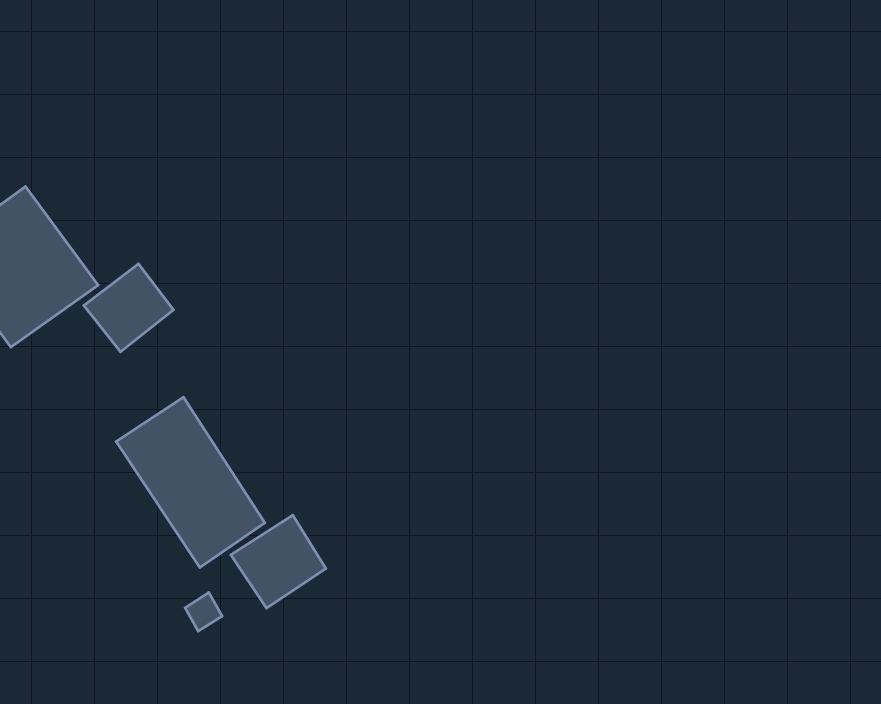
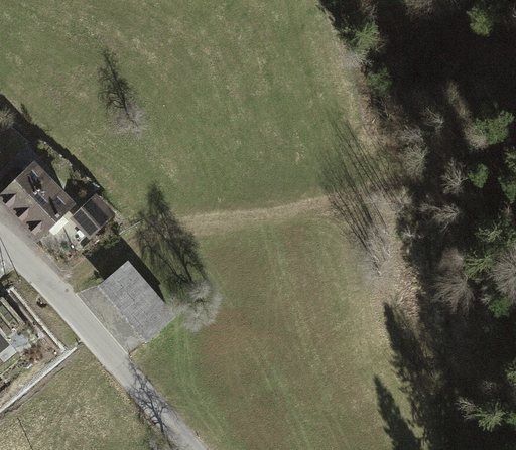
building: [231,515,326,608] -> none

